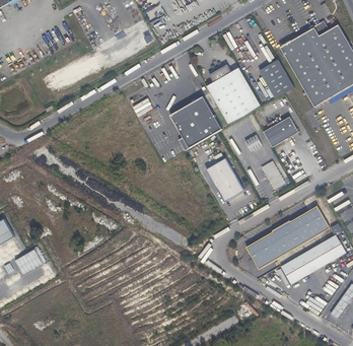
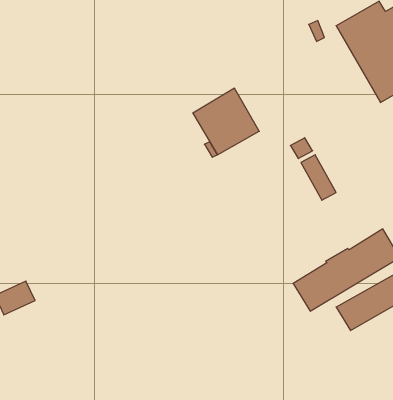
building: [258,59,293,97] -> none
building: [206,64,262,124] -> none
building: [263,116,298,146] -> none
building: [206,157,244,201] -> none

